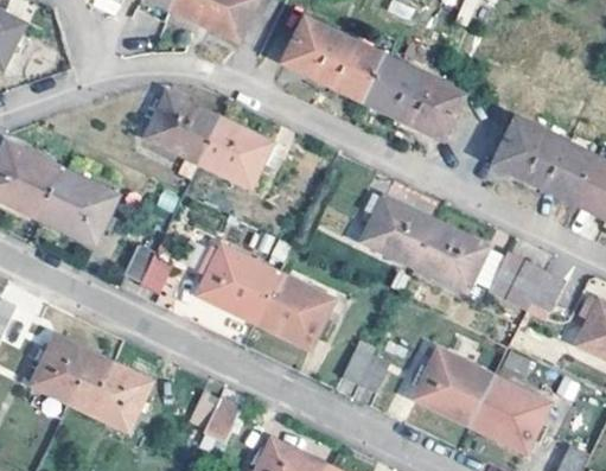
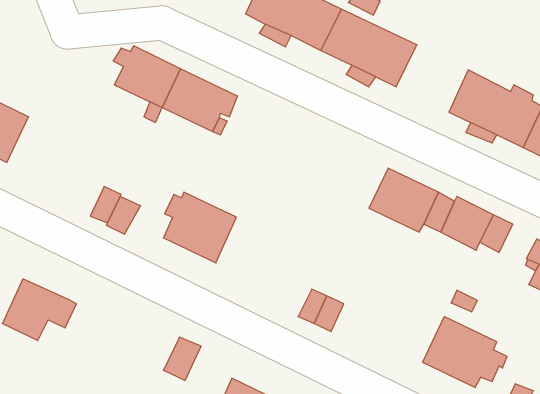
building: [38,168,115,243] -> none
building: [364,193,434,263] -> none
building: [255,273,332,345] -> none
building: [414,349,492,424] -> none
building: [70,363,153,428] -> none

